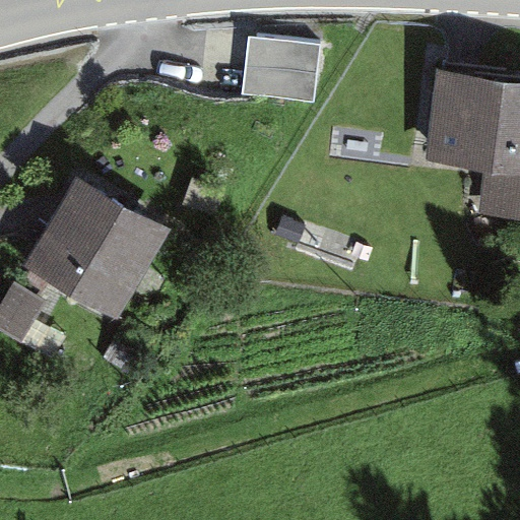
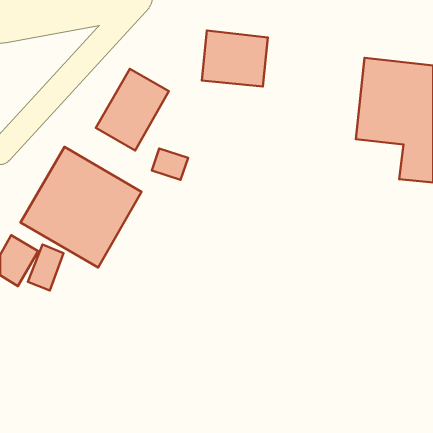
building: none -> [96,69,169,151]

